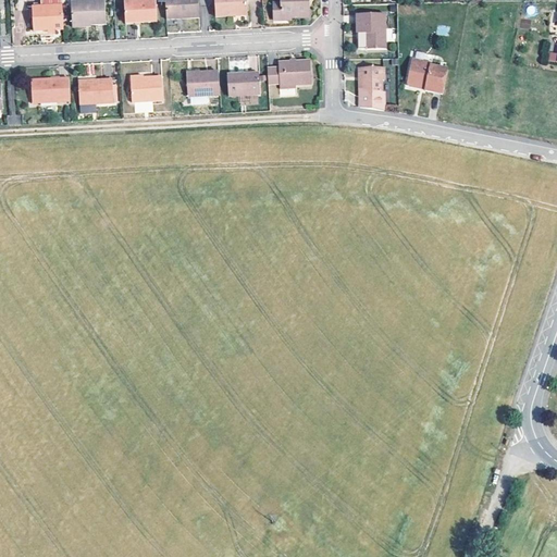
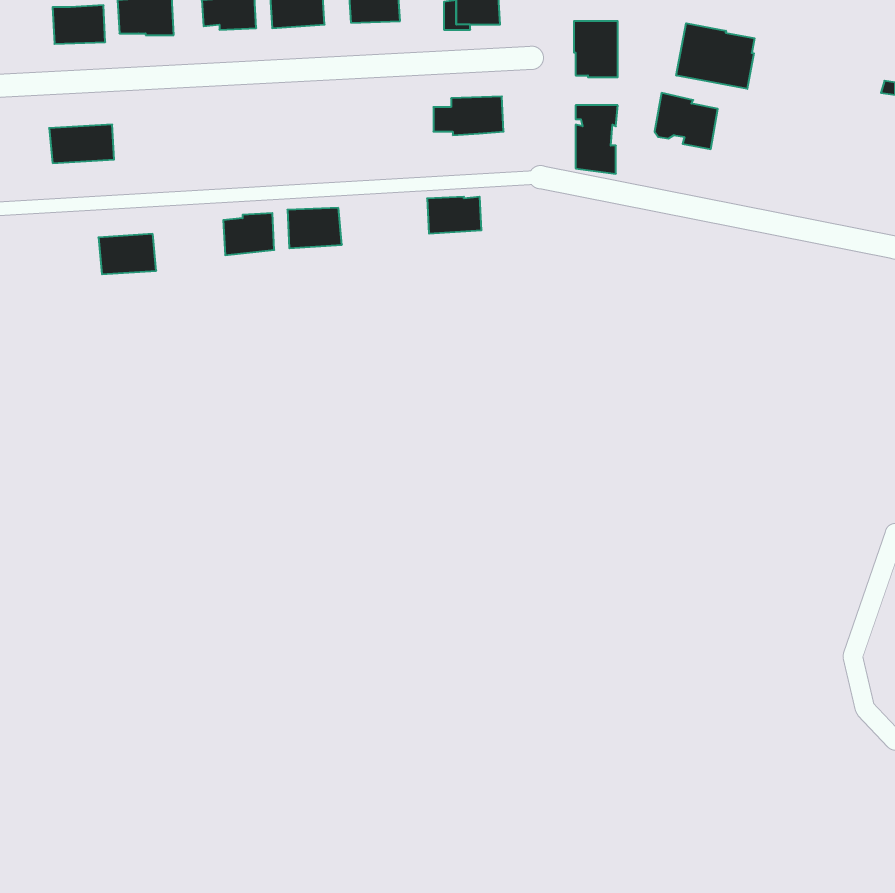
building: none -> [676,23,755,89]
building: [188,69,222,94] -> [287,208,342,248]
building: [227,73,261,96] -> [427,197,482,234]
building: [132,76,163,102] -> [223,213,274,255]
building: [78,78,114,103] -> [98,234,156,274]

